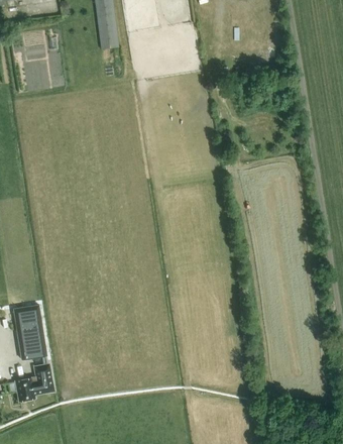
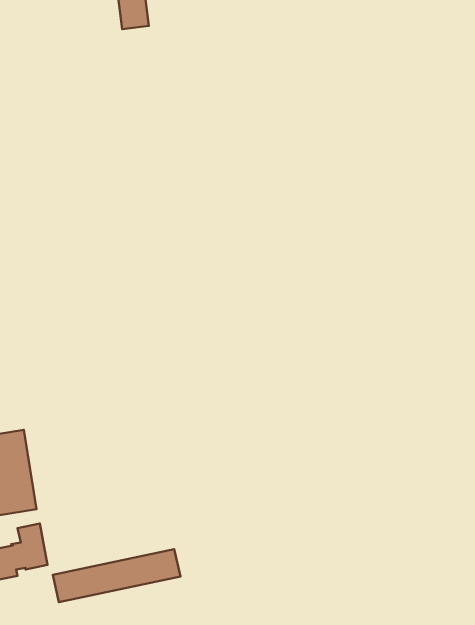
building: none -> [53,549,180,602]

